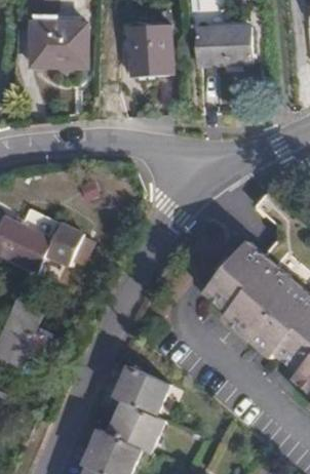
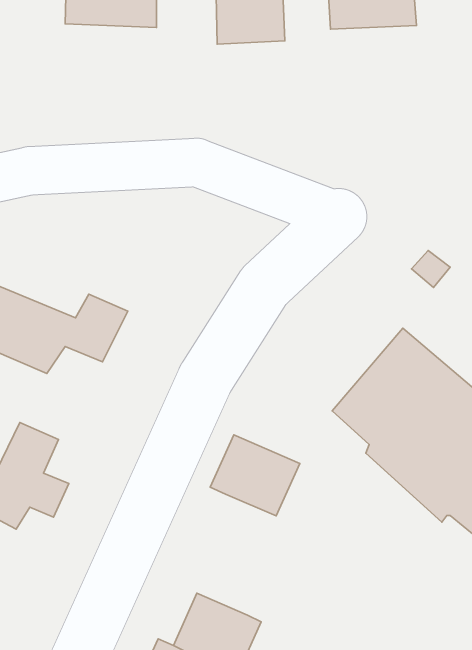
building: [112,366,166,416] -> [210,435,300,516]

